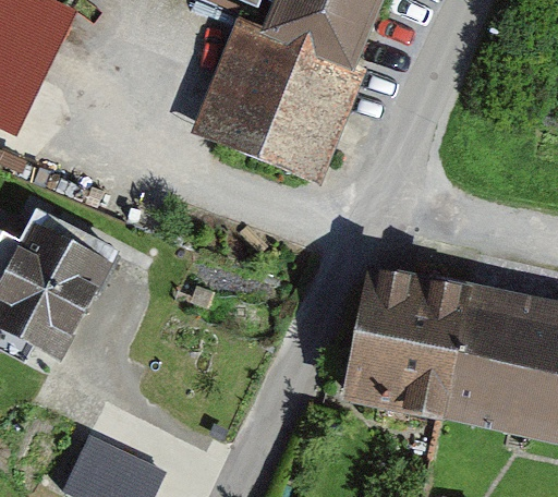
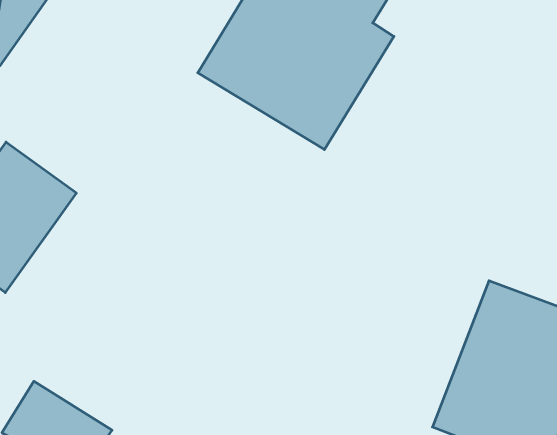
building: [342,260,474,419] -> none

